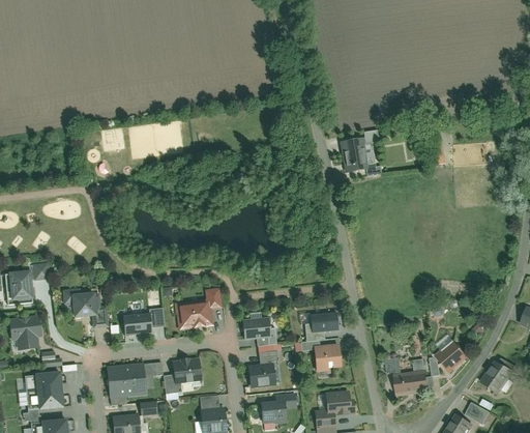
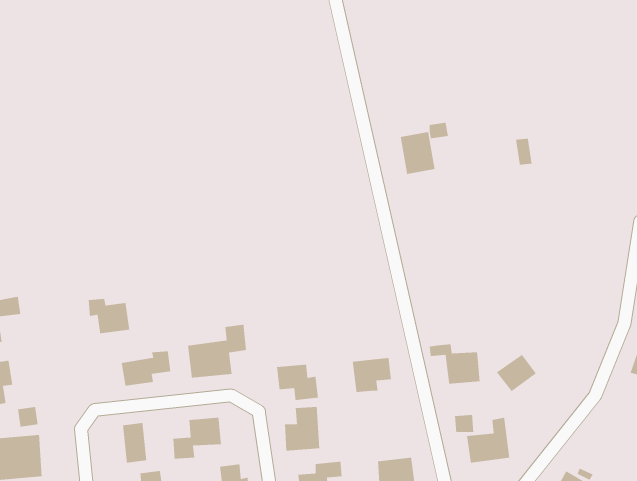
building: [63,289,96,317] -> [88,298,130,334]
building: [301,339,342,371] -> [429,343,481,385]
building: [433,340,465,370] -> [496,354,537,392]
building: [481,359,512,393] -> none
building: [108,365,128,397] -> none

